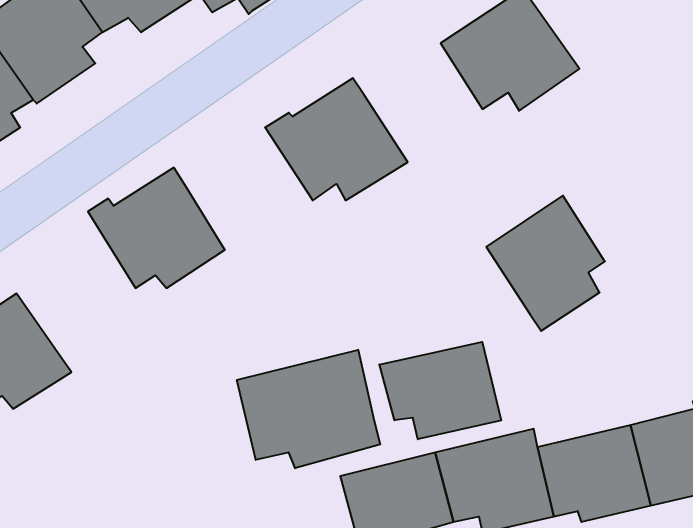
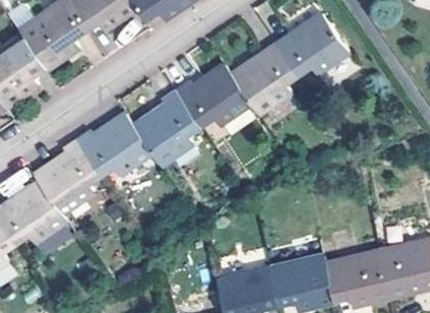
building: none -> [131,86,201,167]
building: [486,196,605,331] -> [230,40,296,115]
building: none -> [33,133,103,215]
building: [379,342,501,439] -> none
building: [237,350,380,468] -> none

